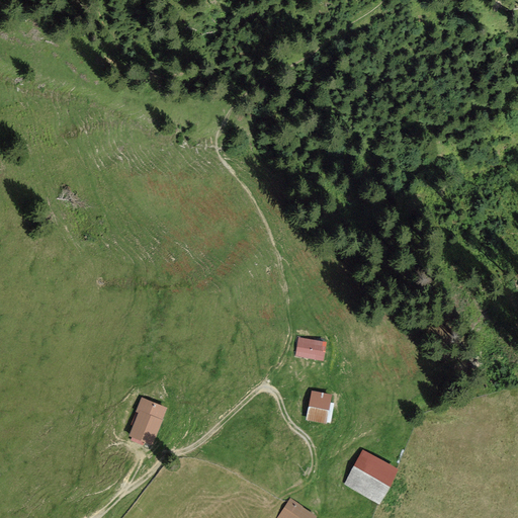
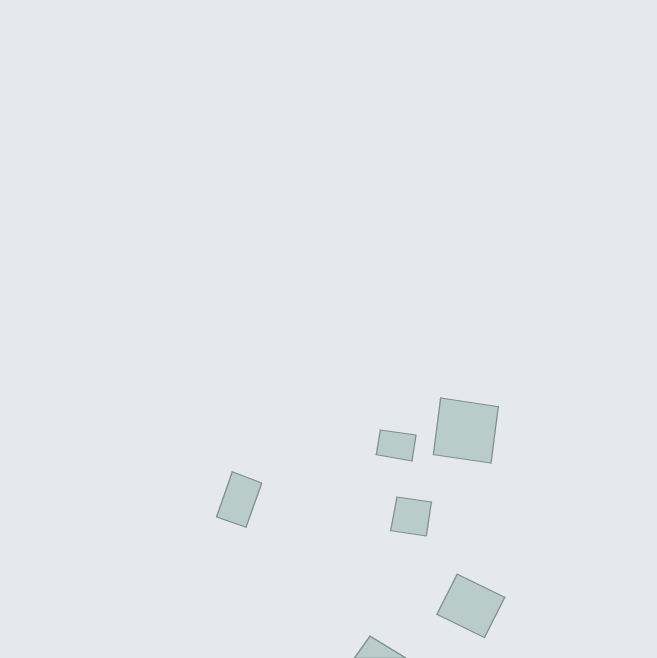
building: none -> [434,398,498,463]
building: [128,399,164,442] -> [217,472,262,527]

